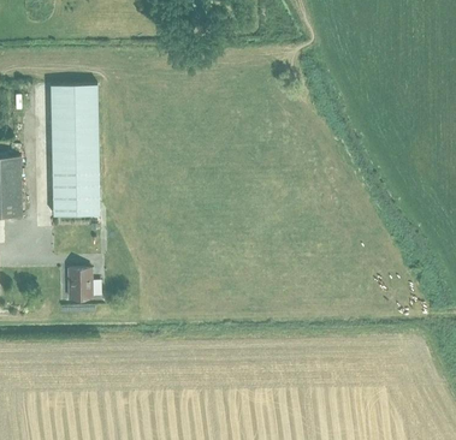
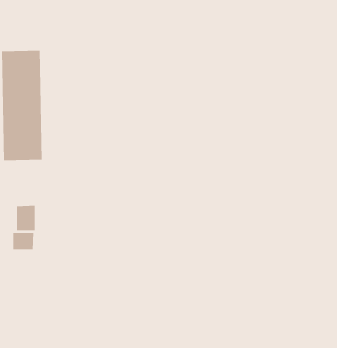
building: none -> [12,232,34,250]

